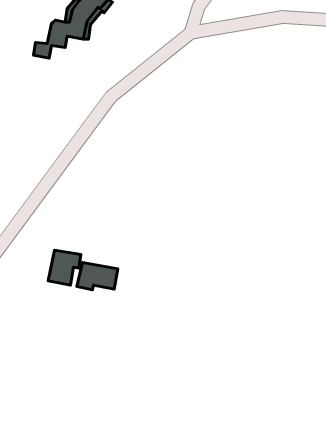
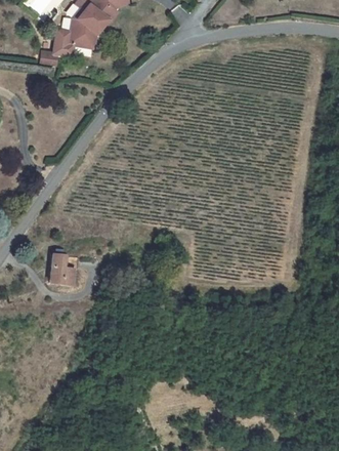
building: [77,262,118,290] -> none

